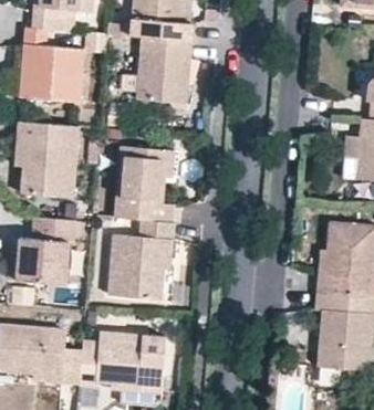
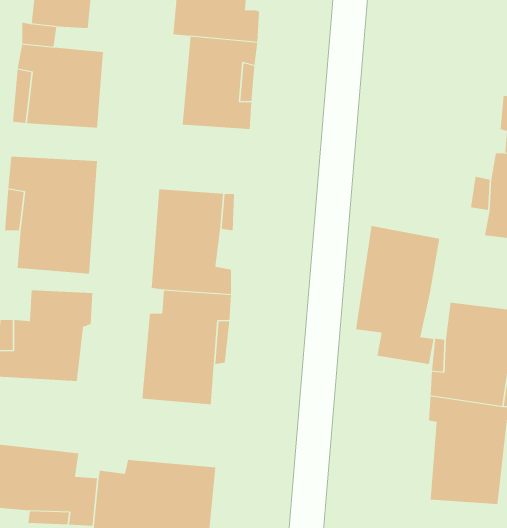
building: none -> [355,225,440,365]

